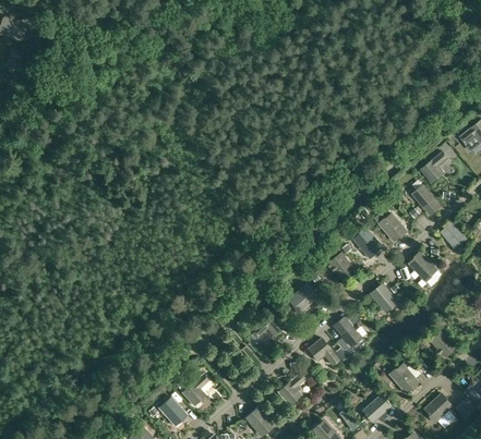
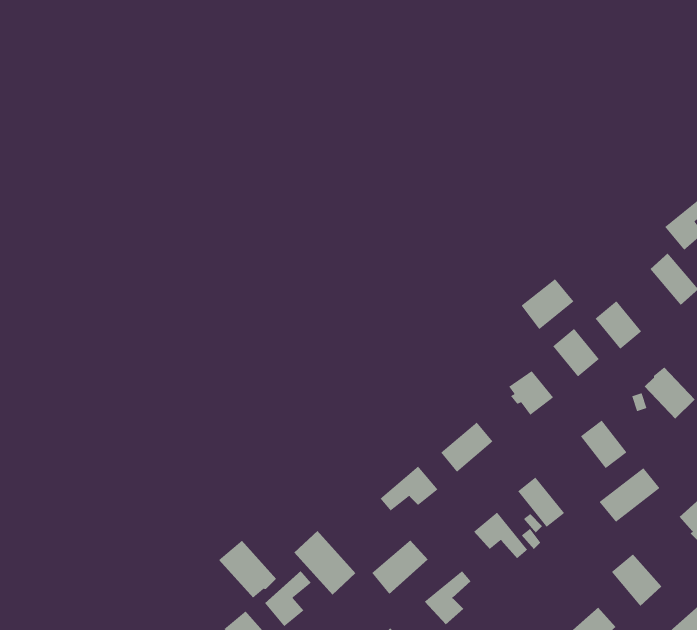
building: none -> [520,278,574,330]
building: none -> [599,467,660,523]
building: none -> [294,530,356,596]
building: none -> [371,539,428,595]
building: none -> [218,540,277,599]

